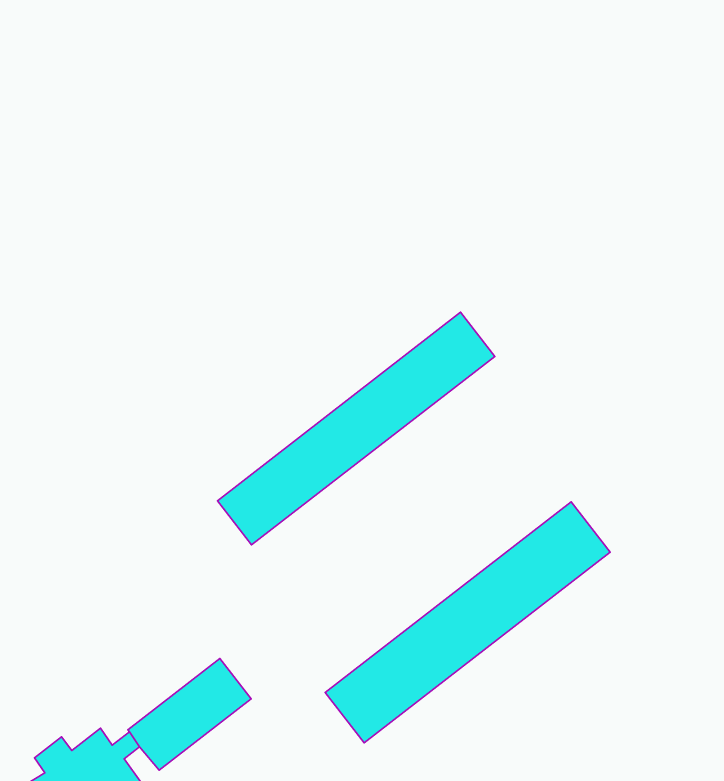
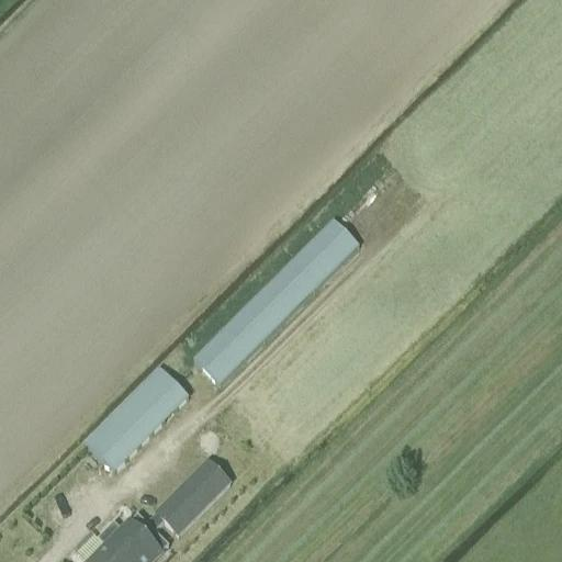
building: [325,502,610,743] -> none
building: none -> [85,368,189,472]

